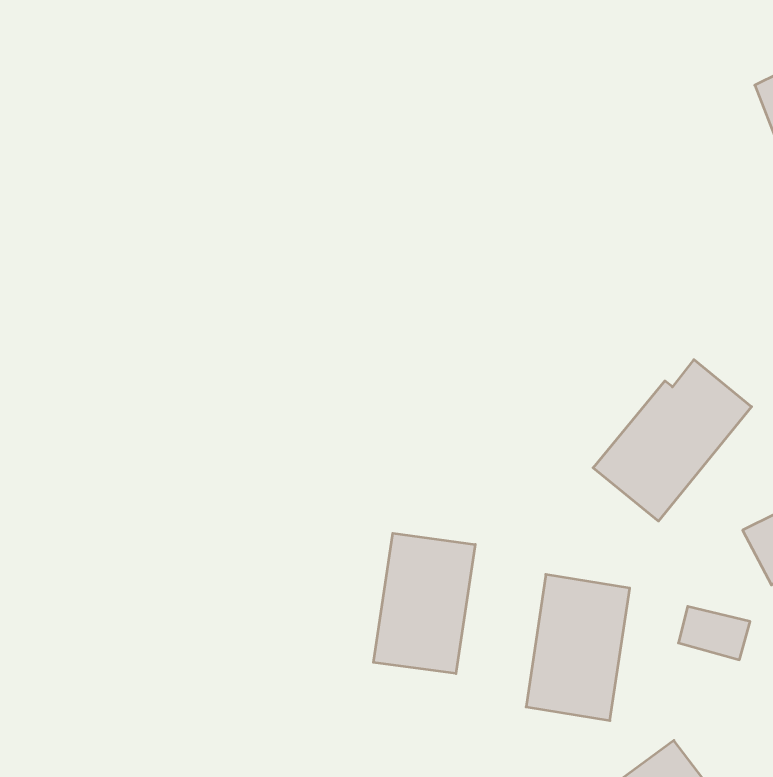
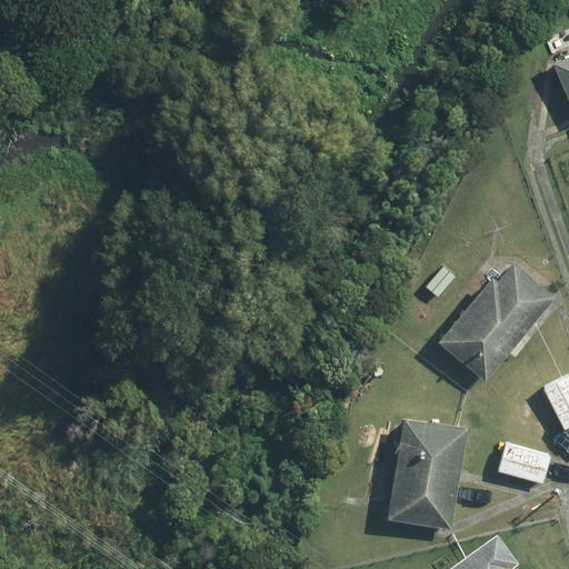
building: [373,533,475,674] -> none

